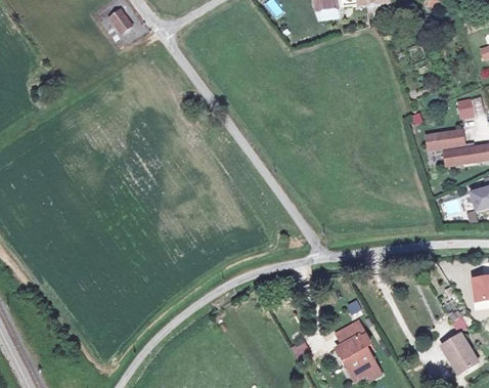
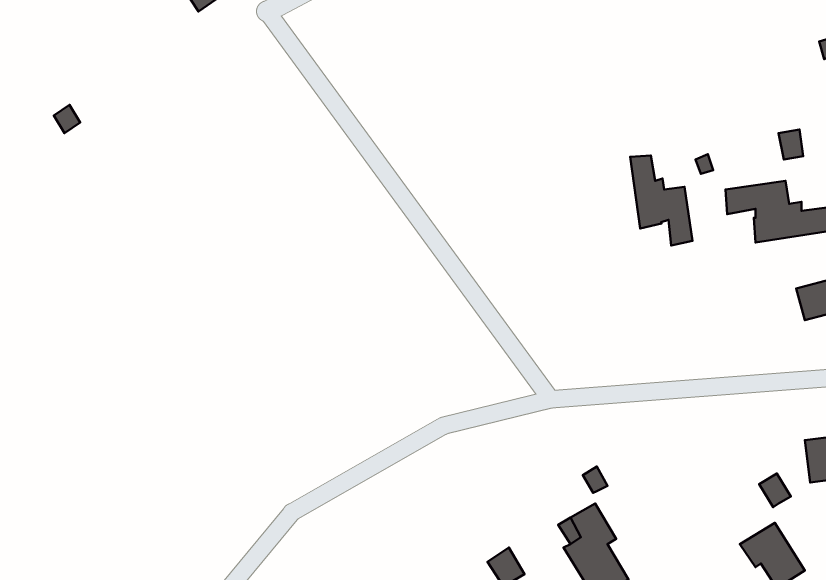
building: none -> [630,155,693,246]

